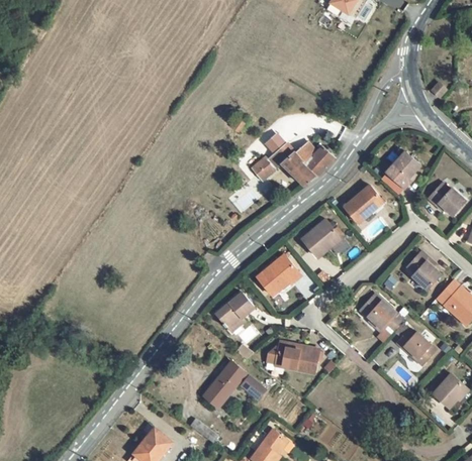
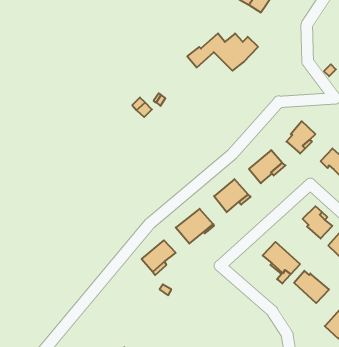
building: [251,141,335,186] -> [187,33,258,71]
building: [266,344,323,373] -> none
building: [203,360,268,409] -> none

